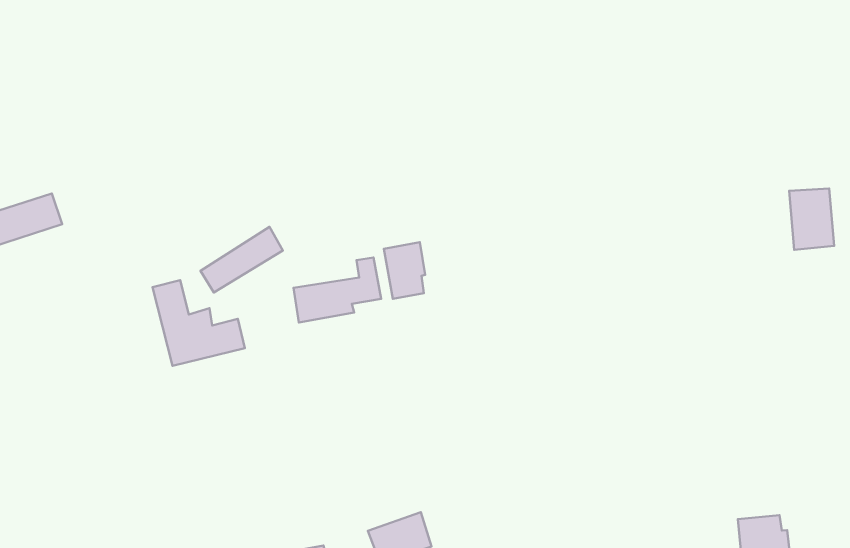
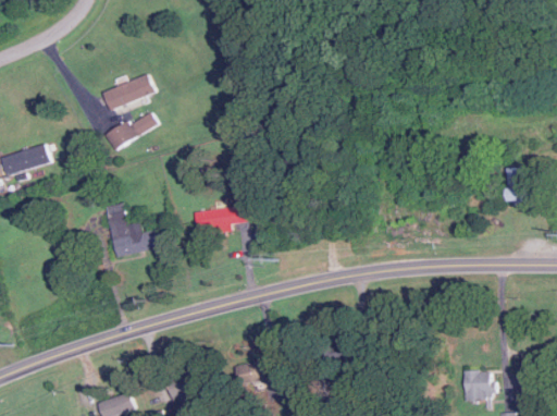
building: none -> [101,74,153,111]
building: [200,227,283,293] -> [103,111,156,150]
building: [384,242,425,299] -> none

